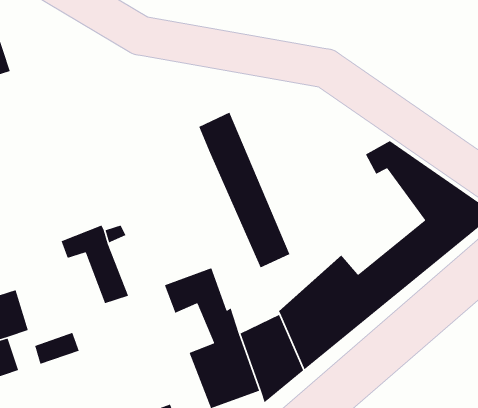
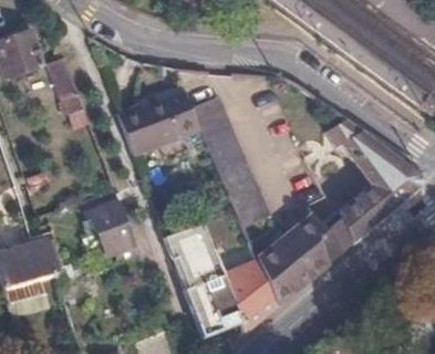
building: none -> [43,60,83,117]
building: none -> [115,86,200,157]

